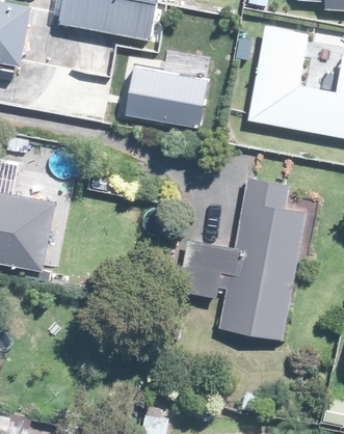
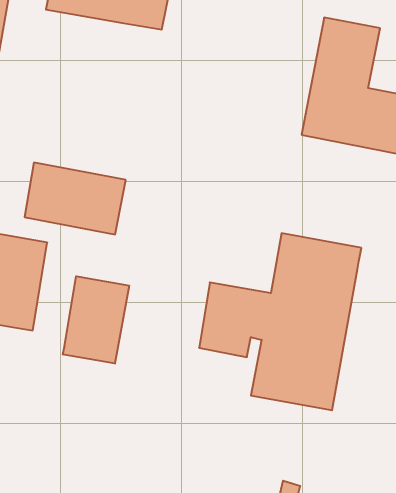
building: [136,72,215,128] -> [25,163,126,234]
building: none -> [63,276,129,364]

